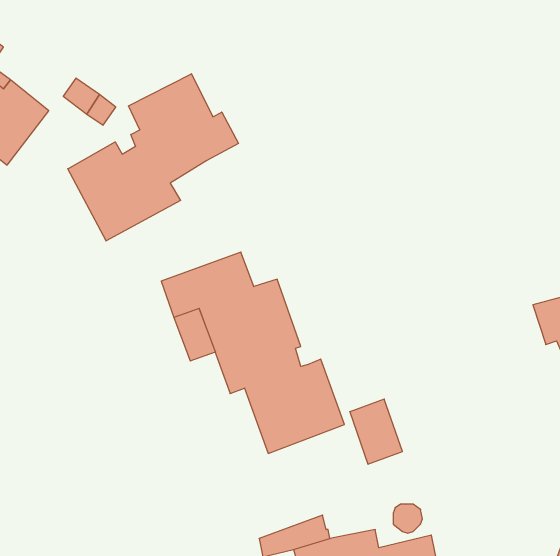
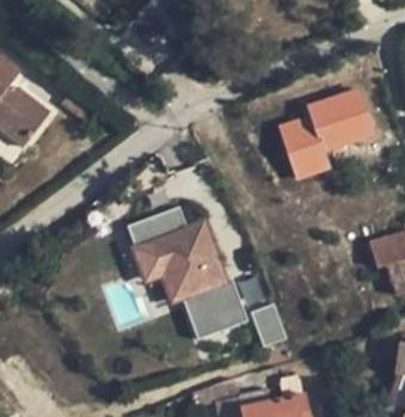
building: [68,74,238,241] -> none
building: none -> [293,91,373,155]

